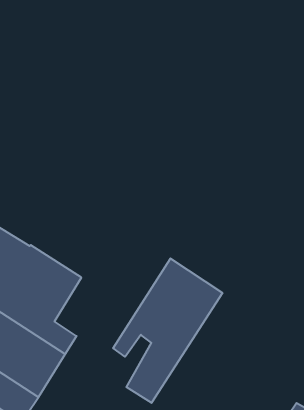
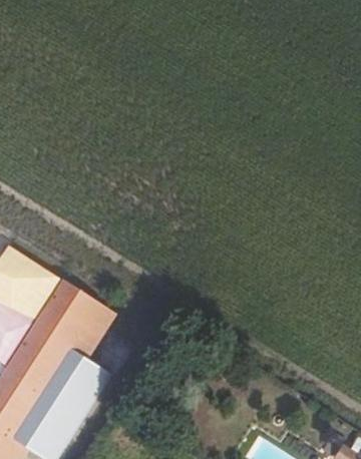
building: [113,258,222,403] -> none

